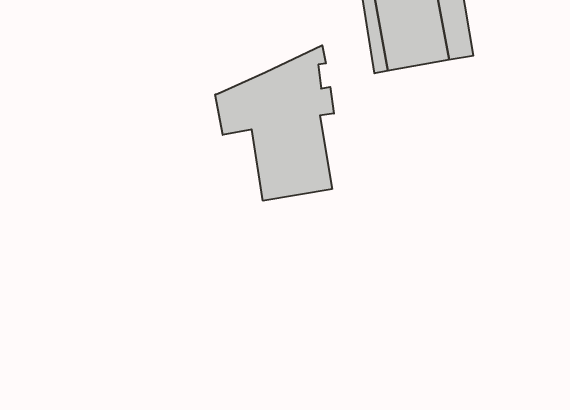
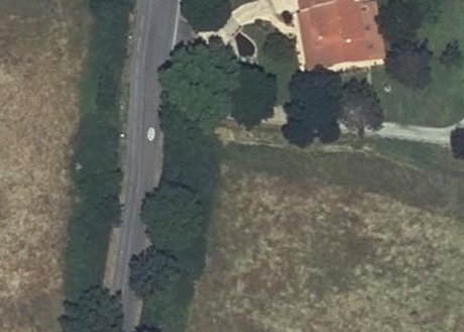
building: [215,45,334,201] -> none

